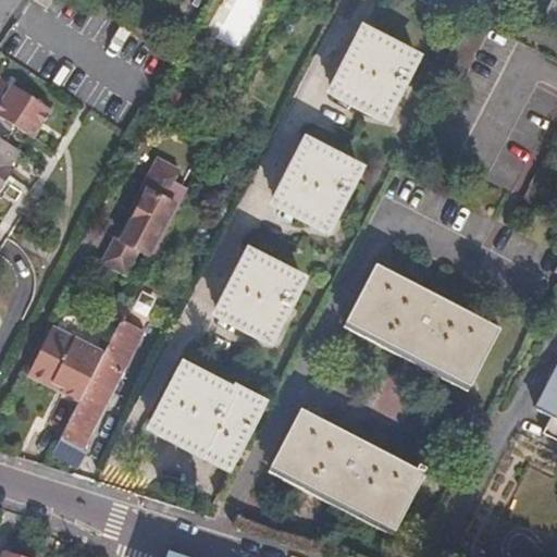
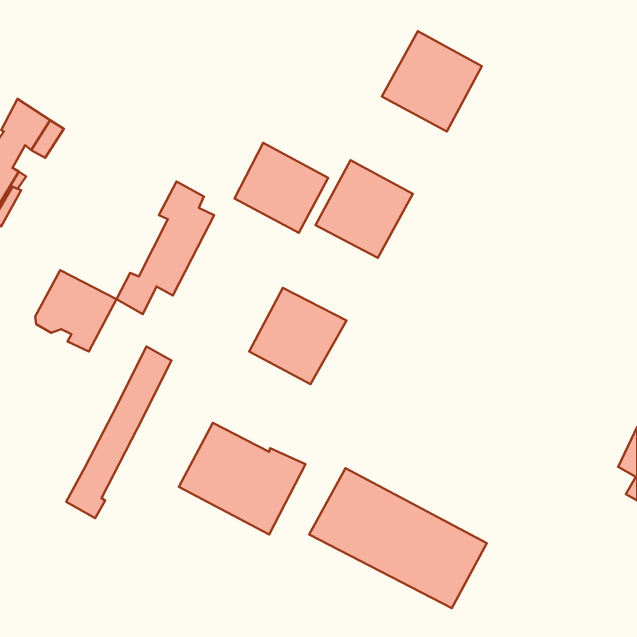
building: none -> [234,143,328,233]
building: [345,263,500,385] -> none
building: [27,335,98,406] -> [35,270,116,352]

